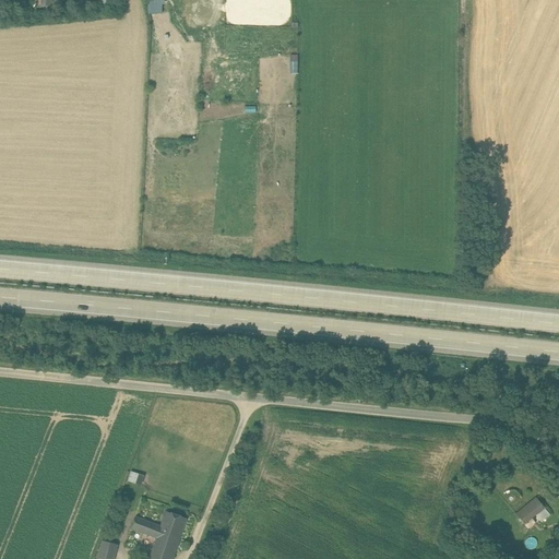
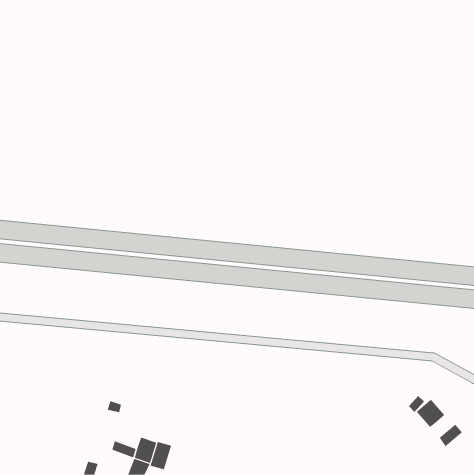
building: none -> [416,399,445,428]
building: none -> [150,441,172,470]

